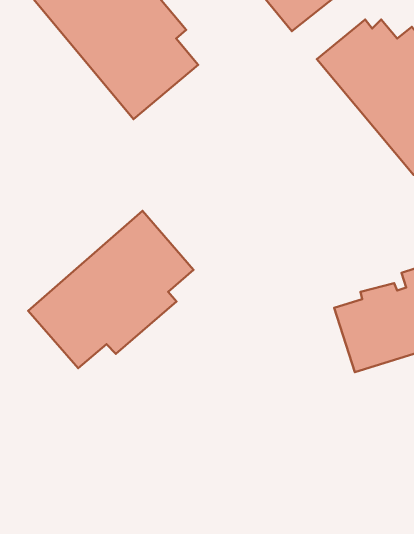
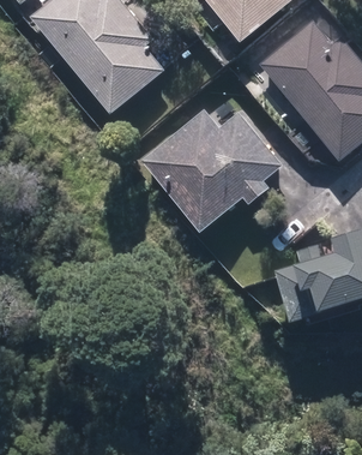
building: none -> [140,91,282,232]
building: [28,211,194,368] -> none

